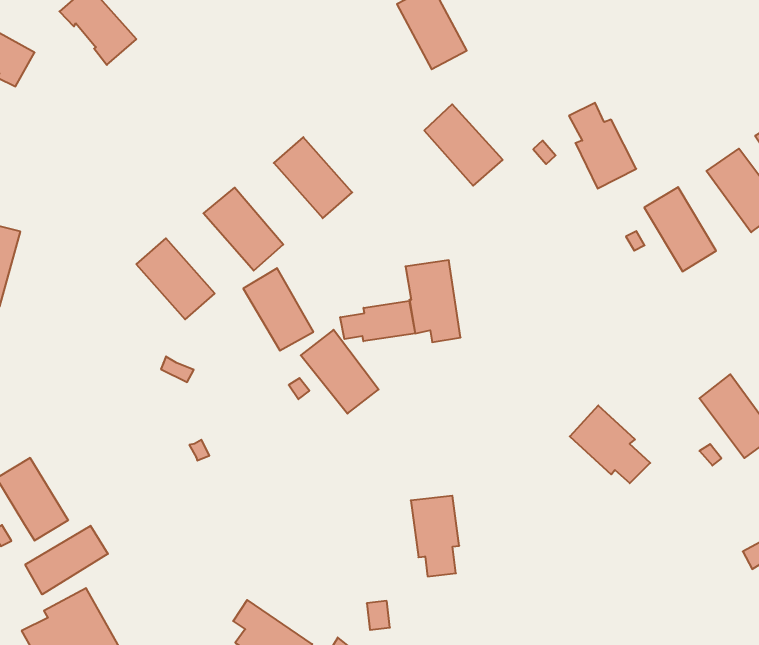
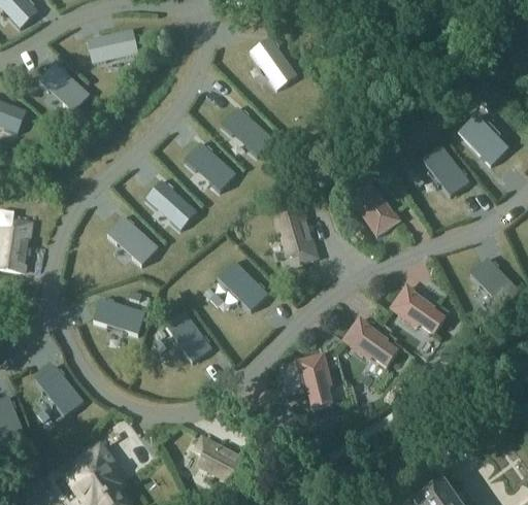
building: [569,103,636,189] -> [353,181,399,235]
building: [424,104,503,186] -> [222,106,273,156]
building: [243,268,313,351] -> [164,310,211,362]
building: [340,301,415,341] -> none
building: none -> [93,297,145,335]
building: none -> [344,318,397,366]
building: [25,526,108,594] -> none

